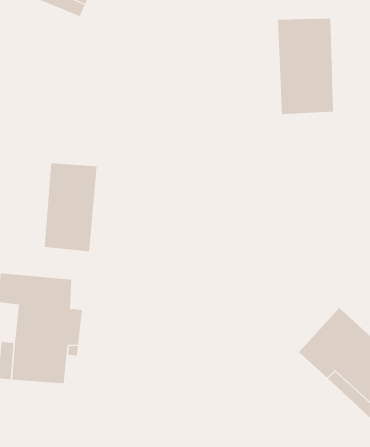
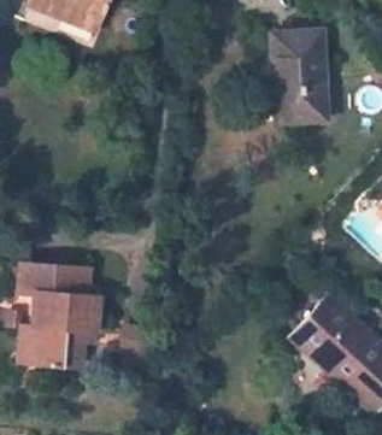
building: [44,163,97,252] -> none

